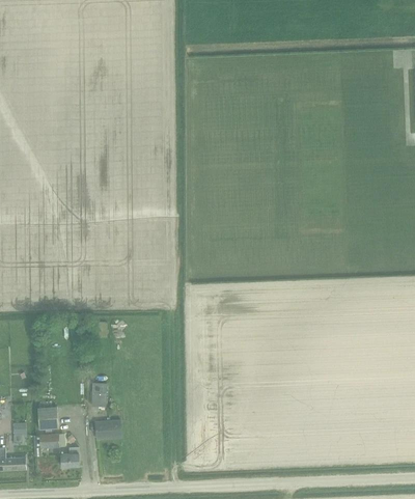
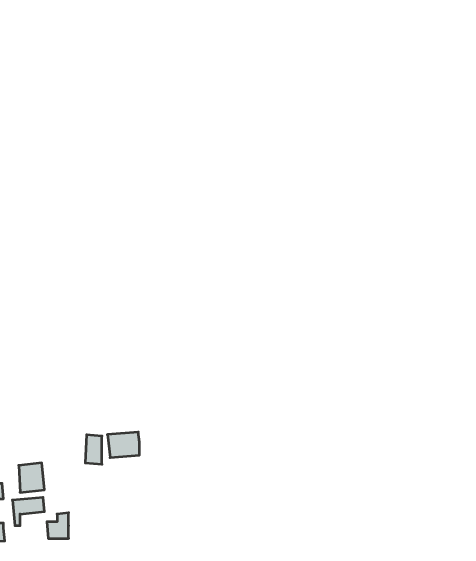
building: [95,418,121,439] -> [107,432,139,458]

